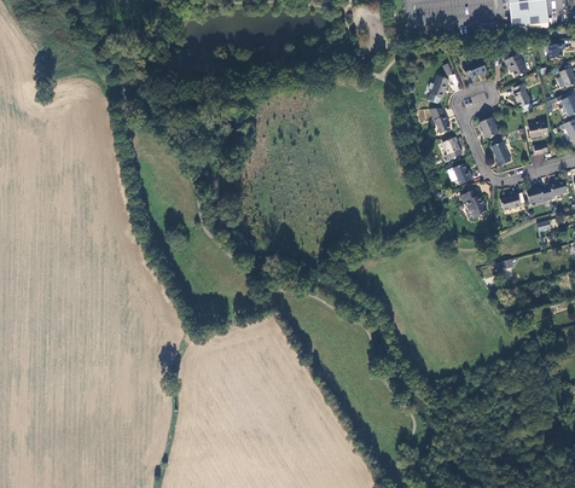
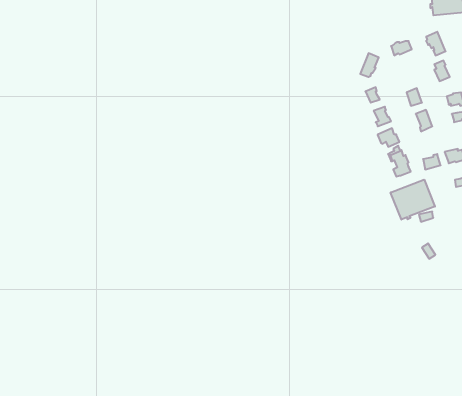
building: none -> [391,180,435,220]

